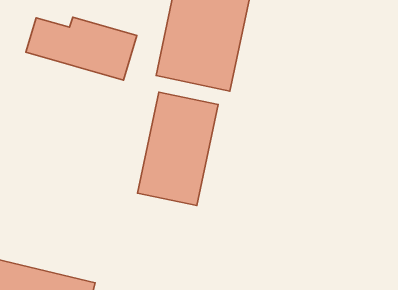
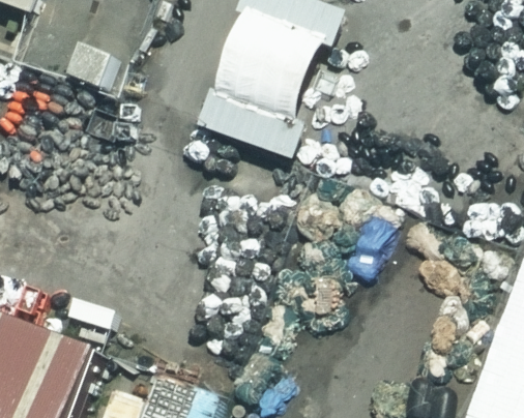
building: [138,92,218,206] -> none

